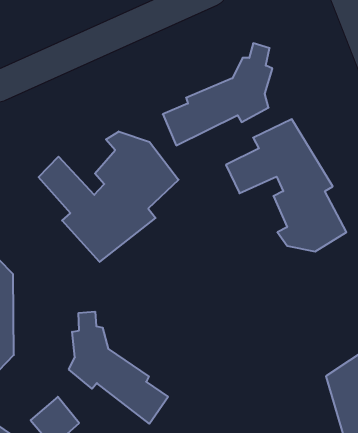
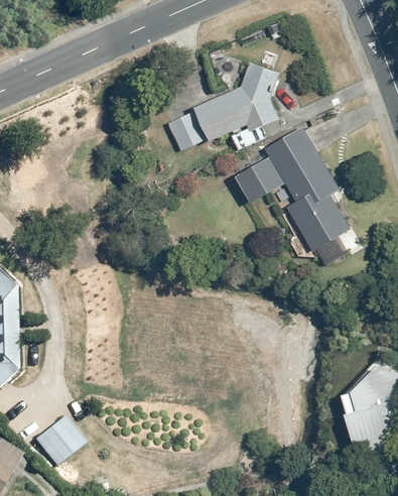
building: [39,131,179,262] -> none
building: [69,312,168,424] -> none

